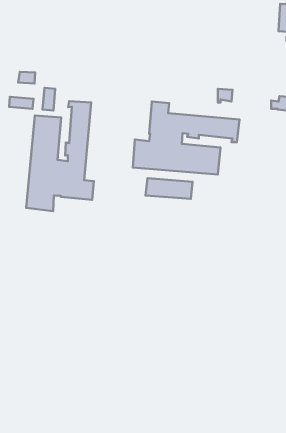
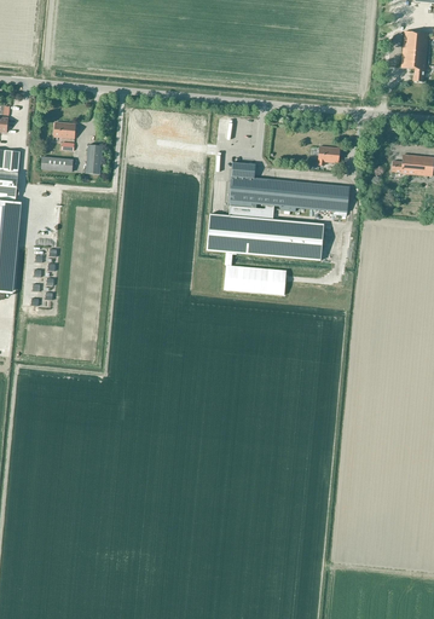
building: [26,101,94,211] -> none

